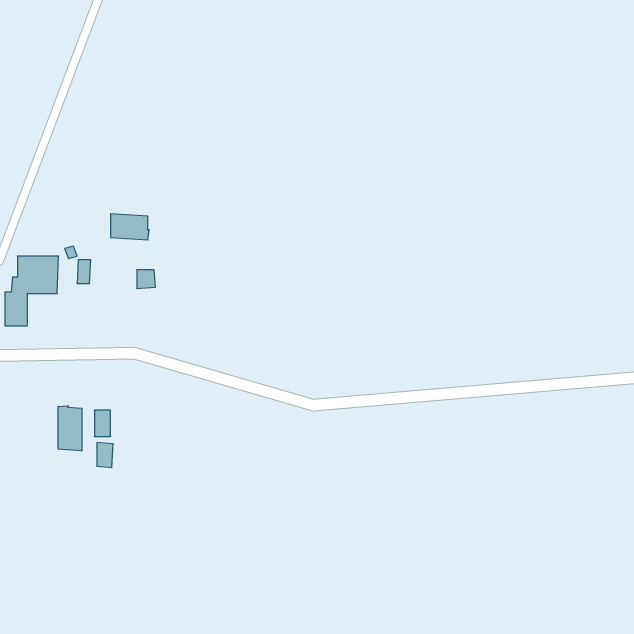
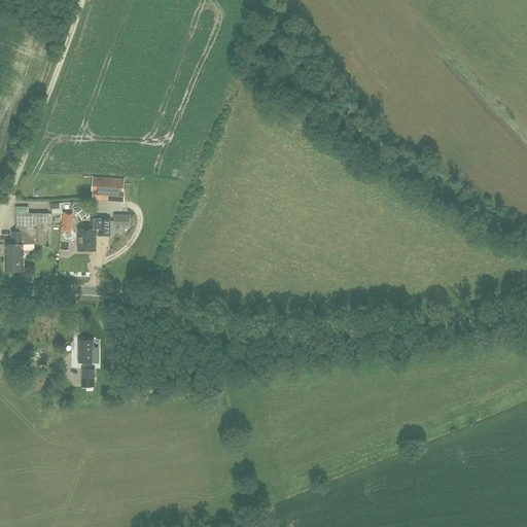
building: none -> [76,218,108,250]
building: [58,406,82,451] -> none

